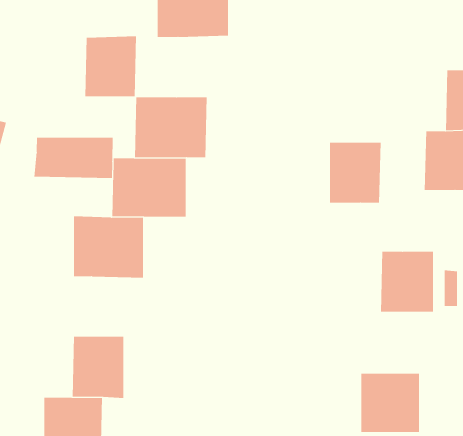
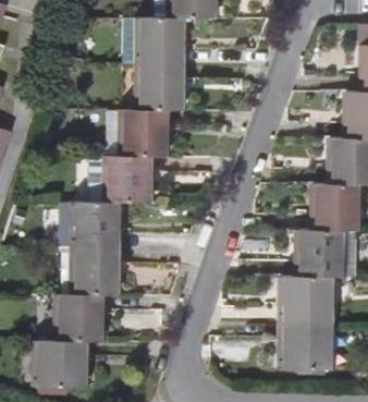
building: [85,36,137,97] -> [142,64,182,111]
building: [34,137,113,179] -> none
building: [329,142,381,203] -> [316,183,356,230]
building: none -> [62,249,116,295]
building: none -> [283,277,330,324]

